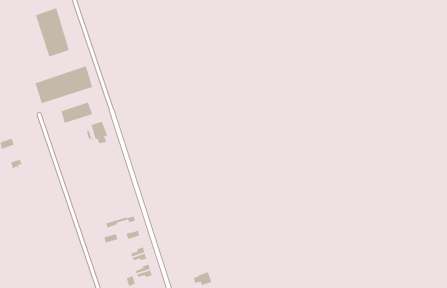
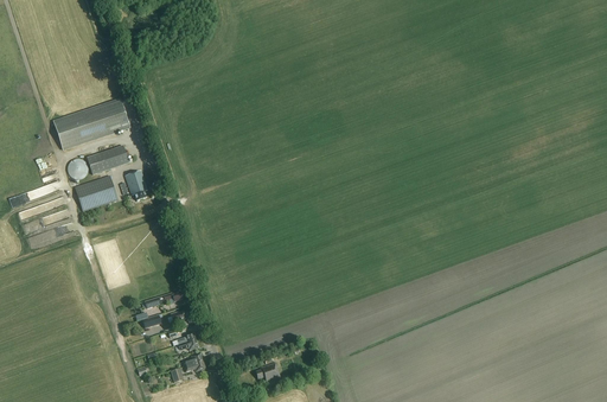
building: [35,7,70,58] -> none
building: none -> [74,174,117,211]

